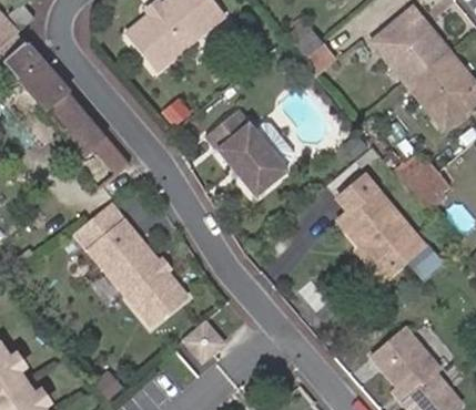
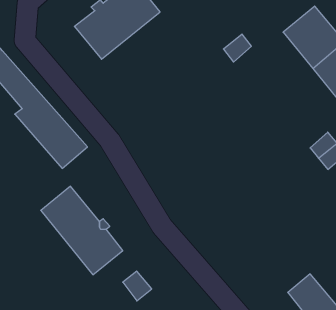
building: [207,111,294,196] -> none
building: [342,176,427,281] -> none
building: [69,204,120,250] -> none

